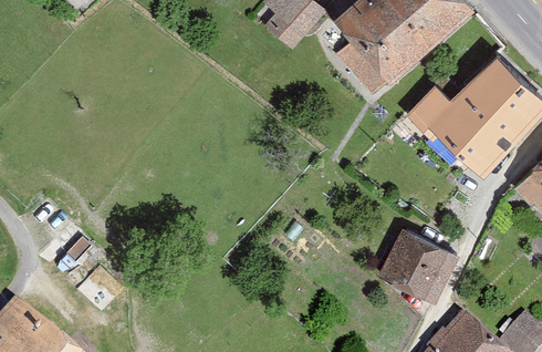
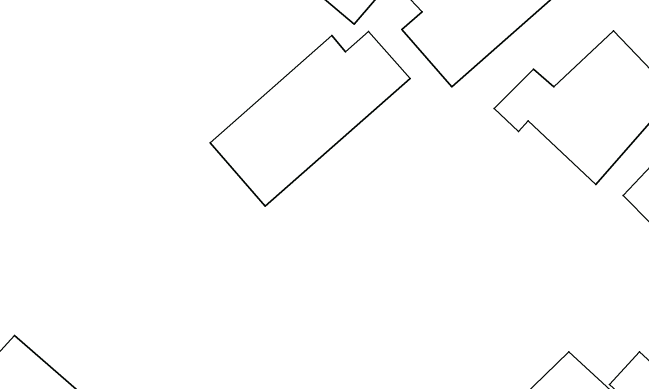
building: none -> [210,31,410,206]
building: [376,222,461,303] -> none

